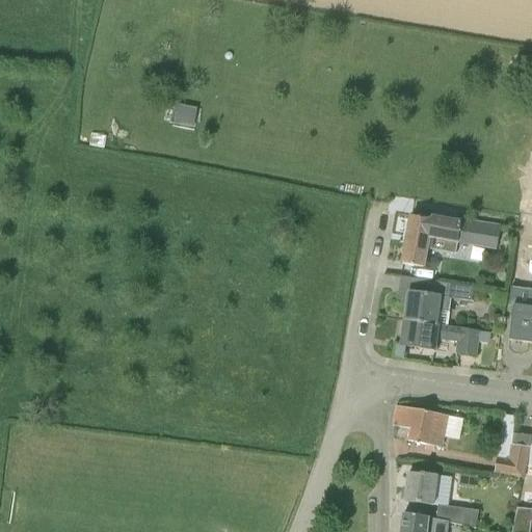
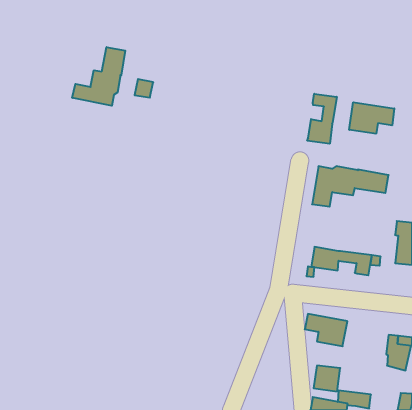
building: none -> [72,47,125,106]
building: none -> [307,94,337,144]
building: none -> [349,102,394,134]
building: [405,278,475,323] -> none

